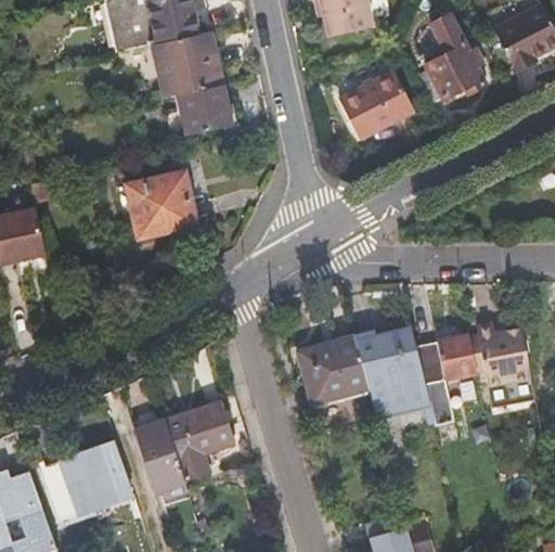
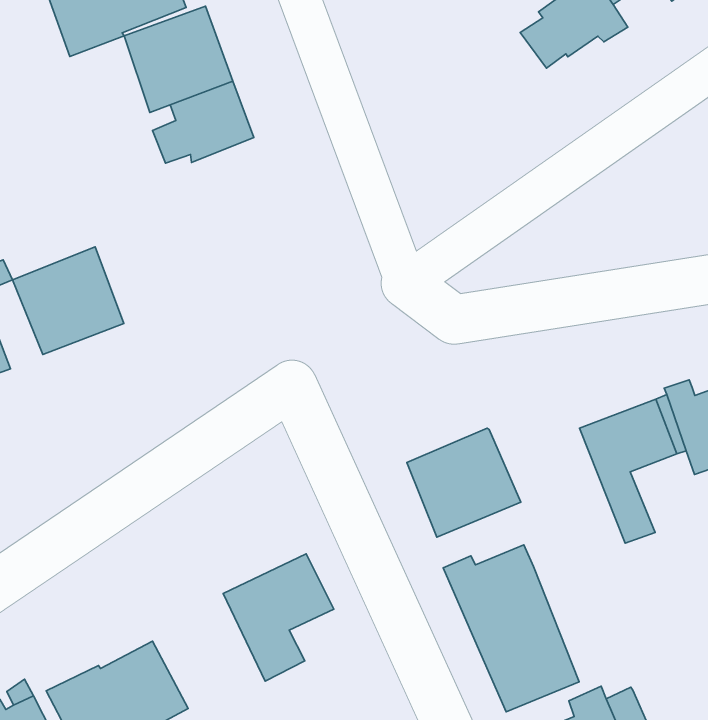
building: [341,73,414,139] -> none
building: [126,170,195,236] -> [13,247,124,355]
building: [356,330,435,438] -> [443,545,579,712]
building: [134,421,184,491] -> none

